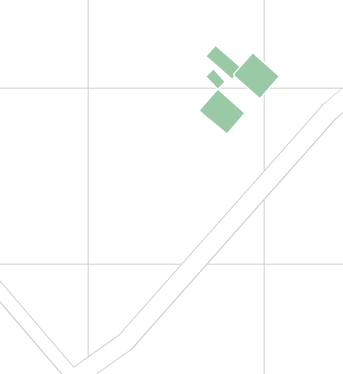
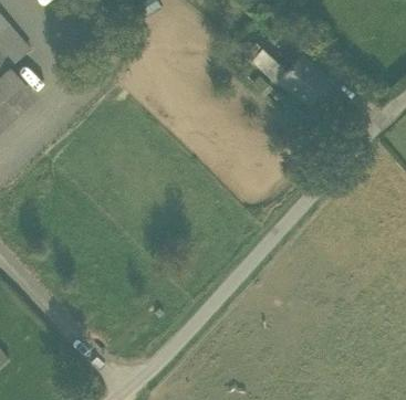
building: [200,89,245,134] -> none

